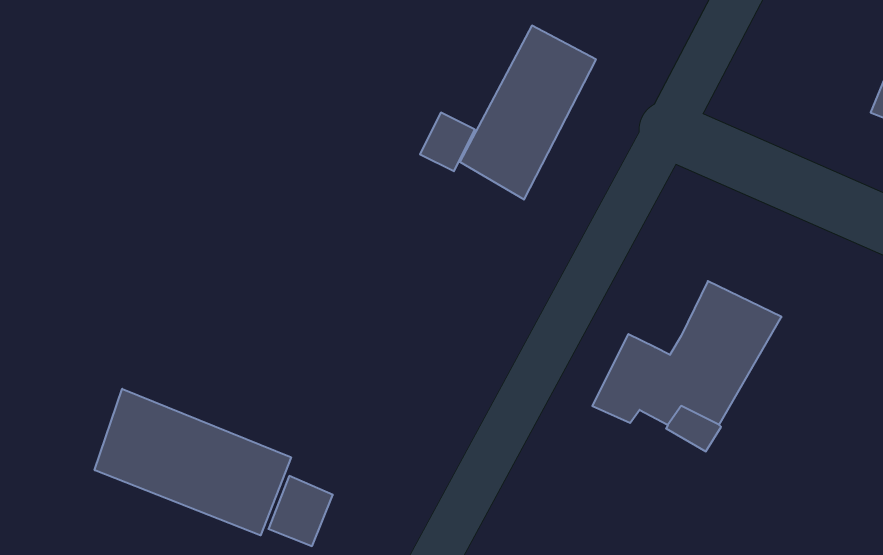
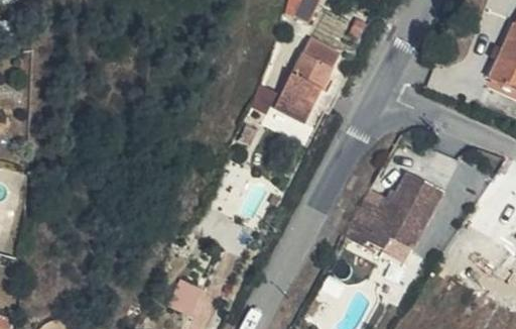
building: [95,389,291,535] -> none

